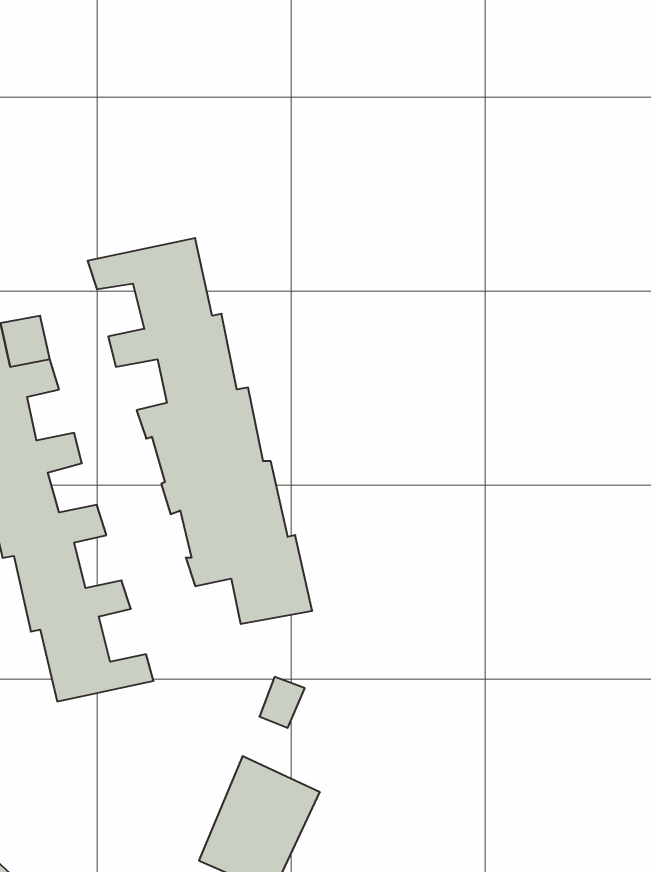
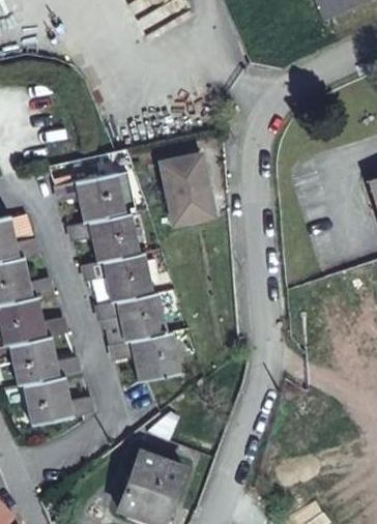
building: none -> [164,154,215,222]

